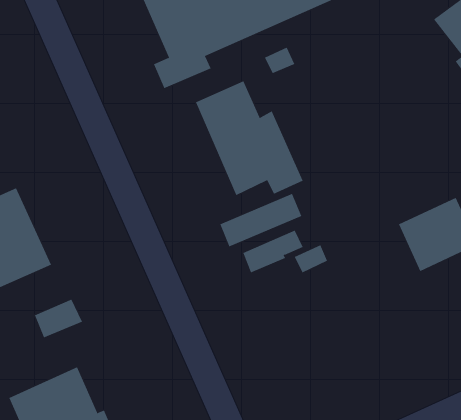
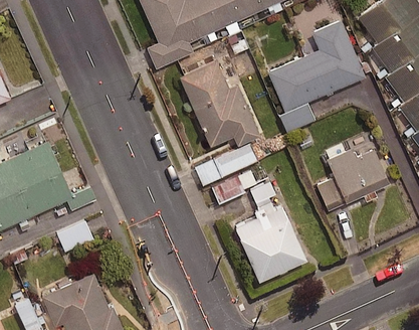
building: none -> [267,19,365,111]
building: none -> [239,216,306,281]

